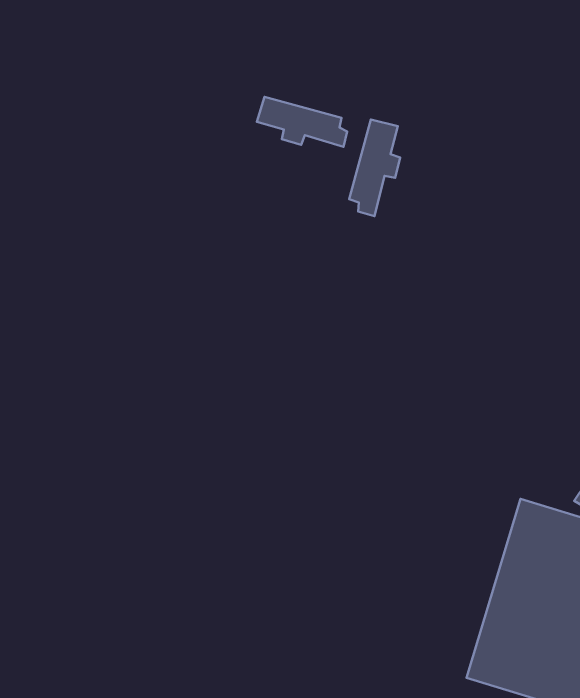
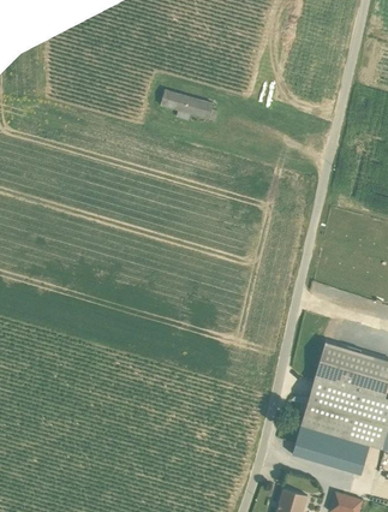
building: [349,120,400,216] -> none

